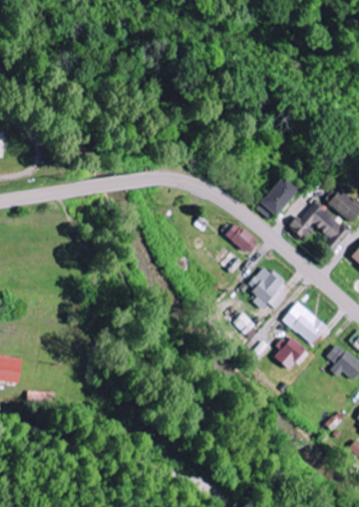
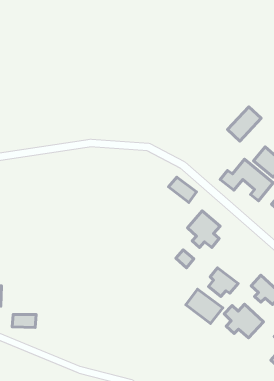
building: [258,174,299,216] -> [228,107,261,141]
building: [282,302,327,344] -> [186,289,223,324]
building: none -> [224,304,264,338]

